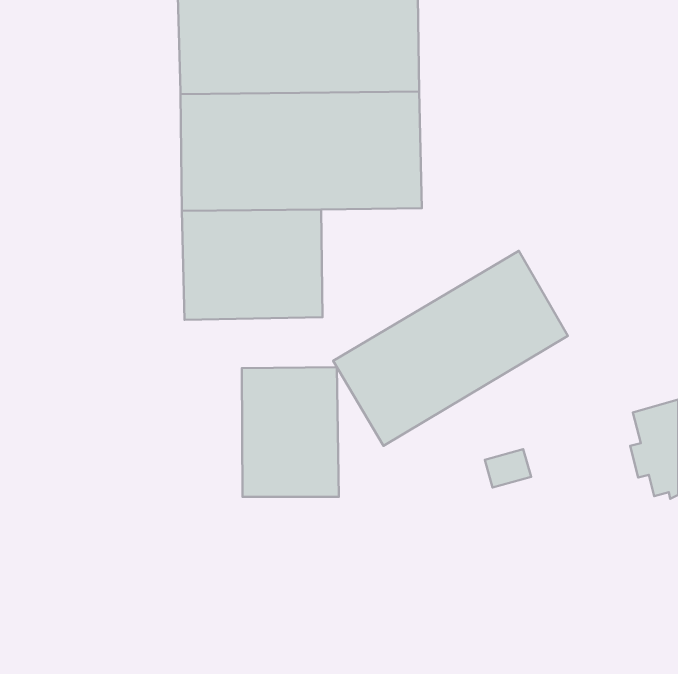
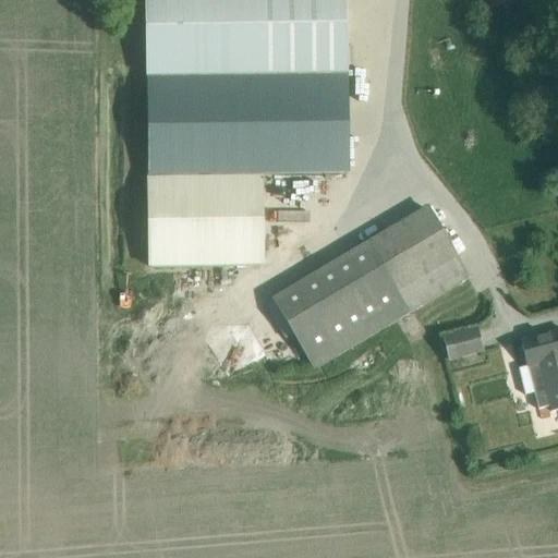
building: [242,367,339,497] -> none
building: [485,449,531,488] -> [442,326,481,357]

